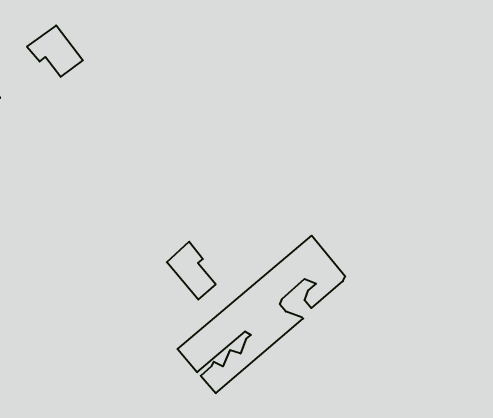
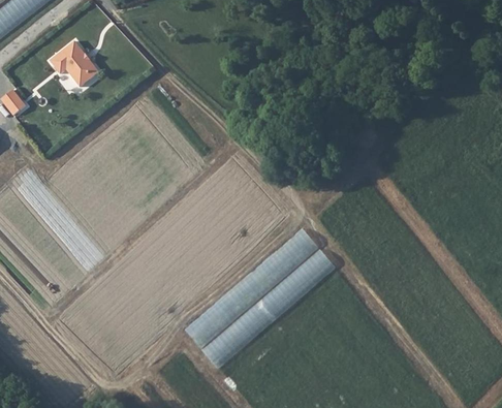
building: [167,242,216,300] -> none

